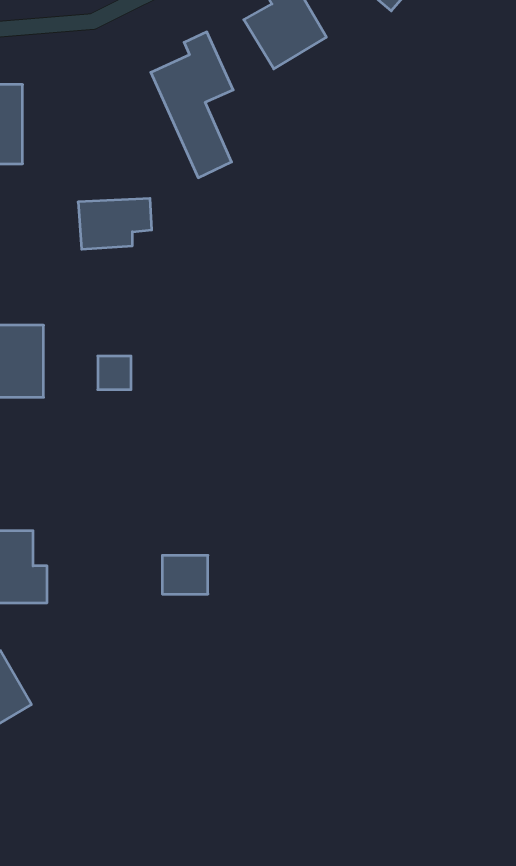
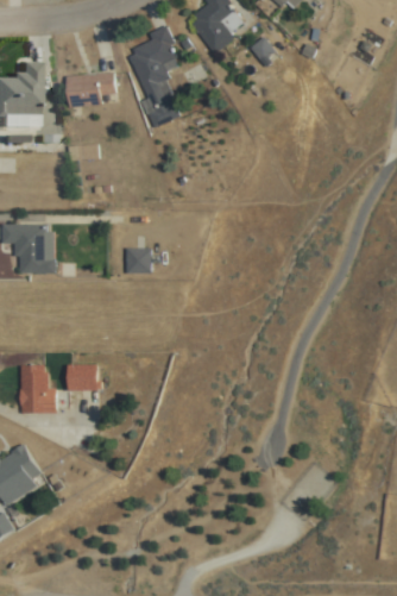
building: [78,198,152,249] -> [67,73,116,107]
building: [98,356,131,390] -> [128,250,151,272]
building: [162,555,208,594] -> [68,364,99,390]

